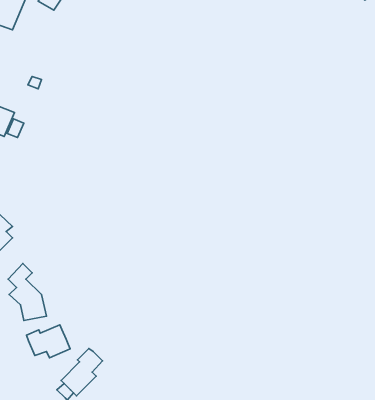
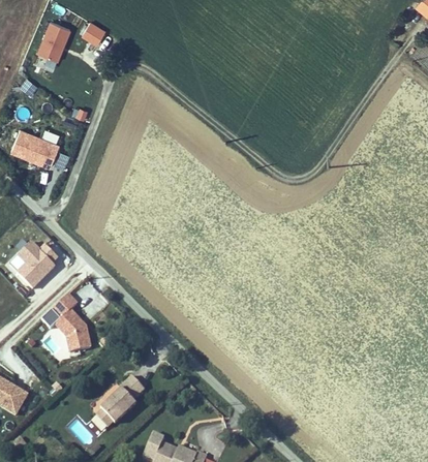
building: [27,325,70,358] -> none

